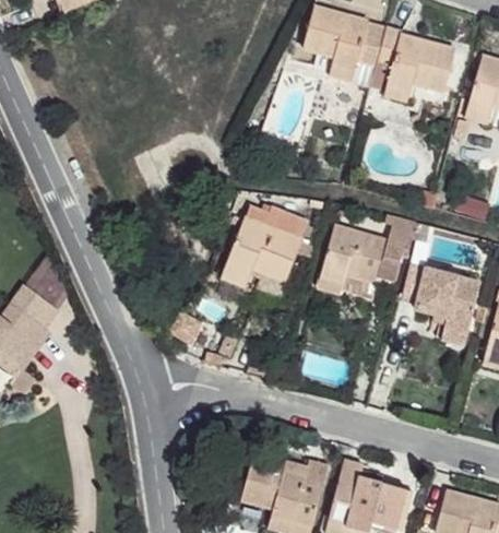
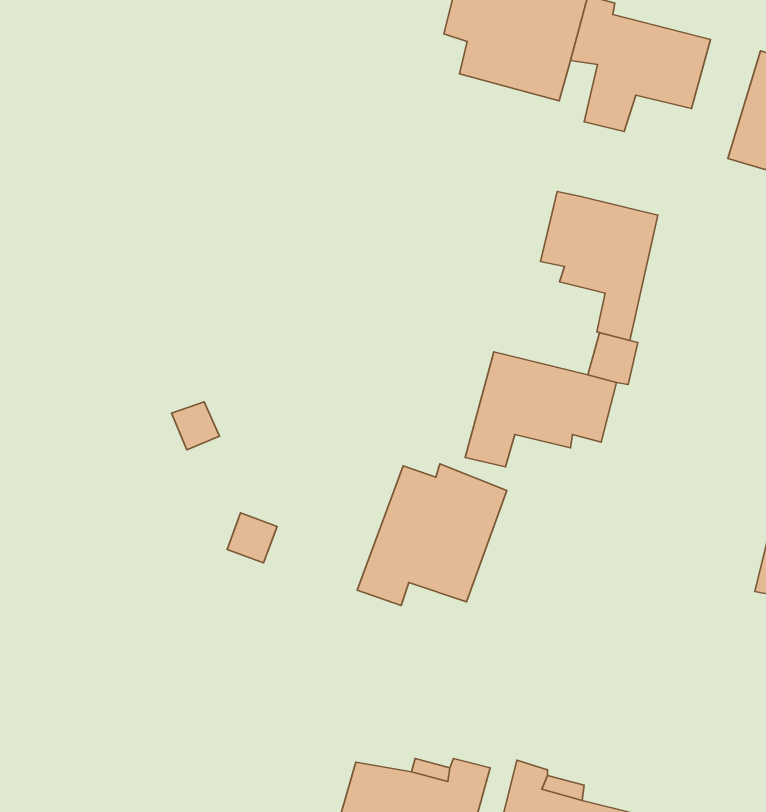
building: none -> [541,191,658,340]
building: [222,205,307,286] -> [357,464,507,606]
building: [401,265,479,343] -> none

